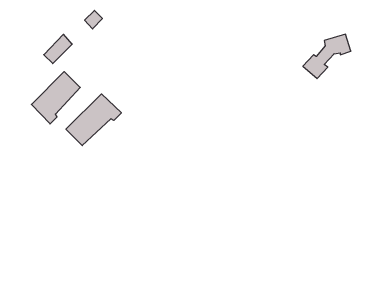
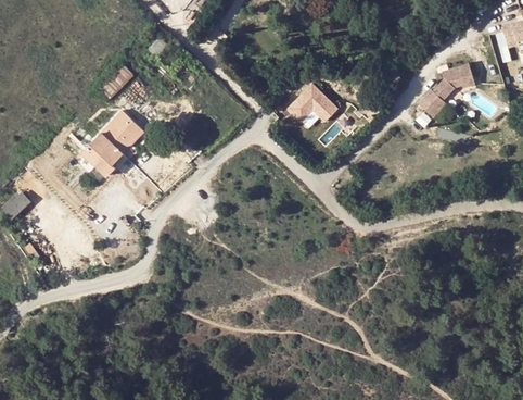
building: none -> [288,82,337,120]
building: [66,94,121,146] -> none

